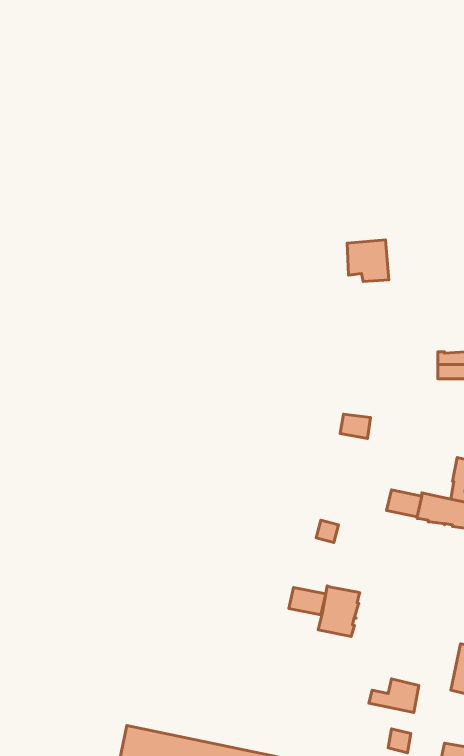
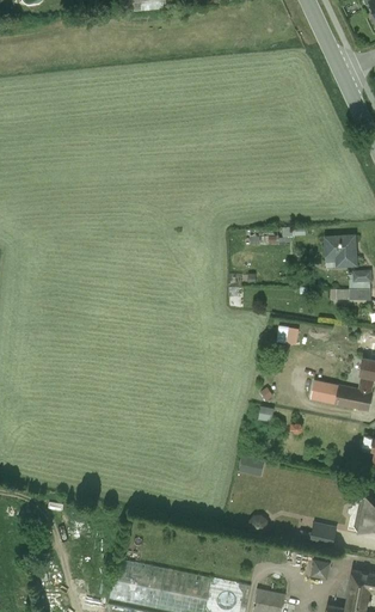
building: [347,240,389,282] -> [326,237,357,268]
building: [318,586,360,637] -> none

